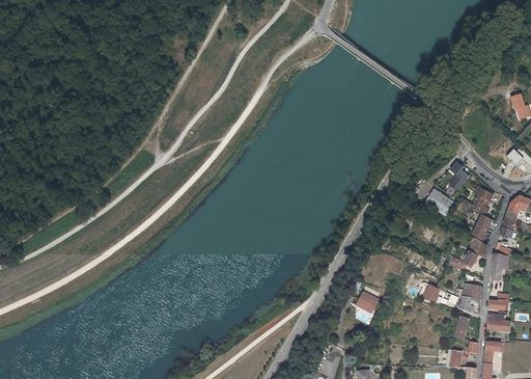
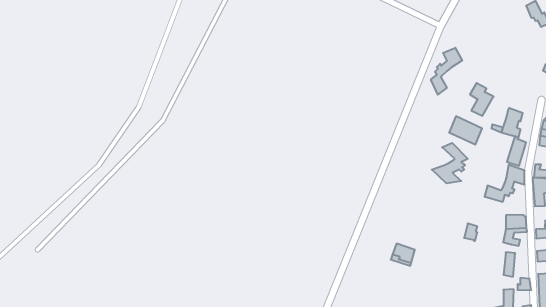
building: none -> [431,48,462,95]
building: none -> [432,143,468,183]

